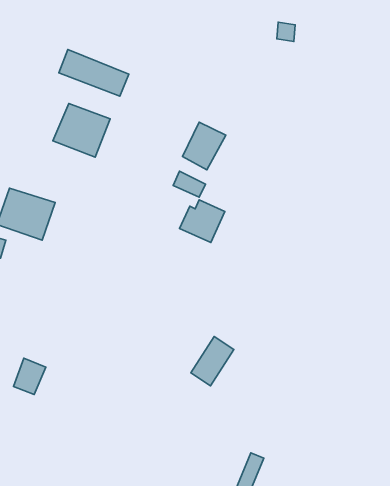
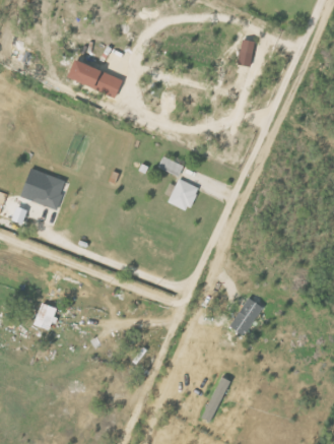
building: [53,103,110,157] -> none
building: [183,122,226,170] -> none
building: [191,336,234,386] -> [228,297,262,335]

